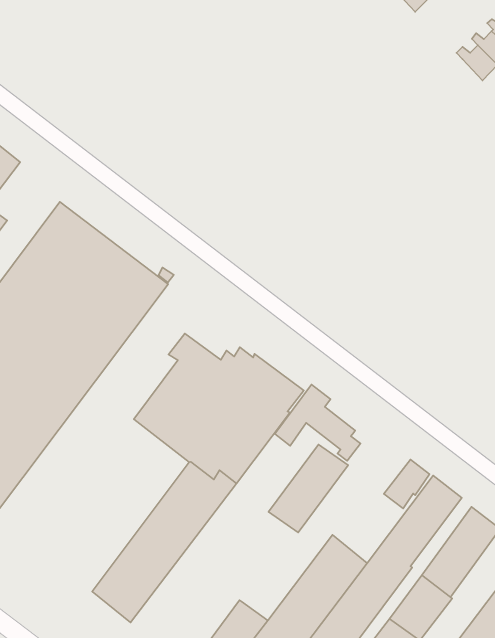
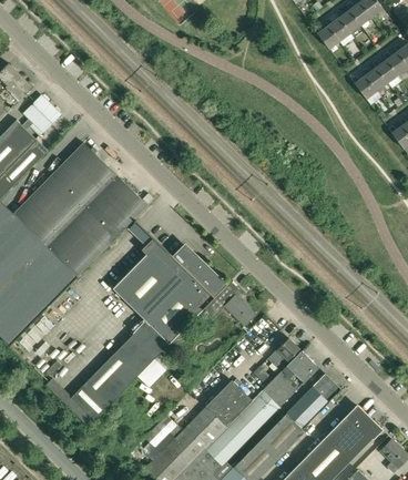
building: [269,444,348,532] -> none

